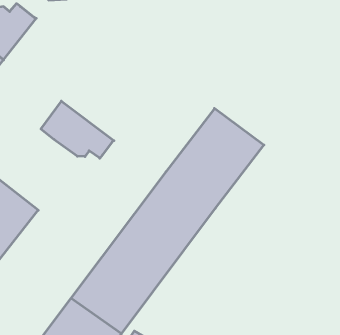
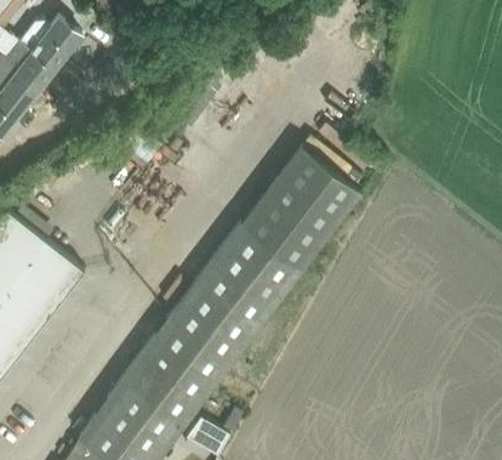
building: [41,101,114,158] -> none

